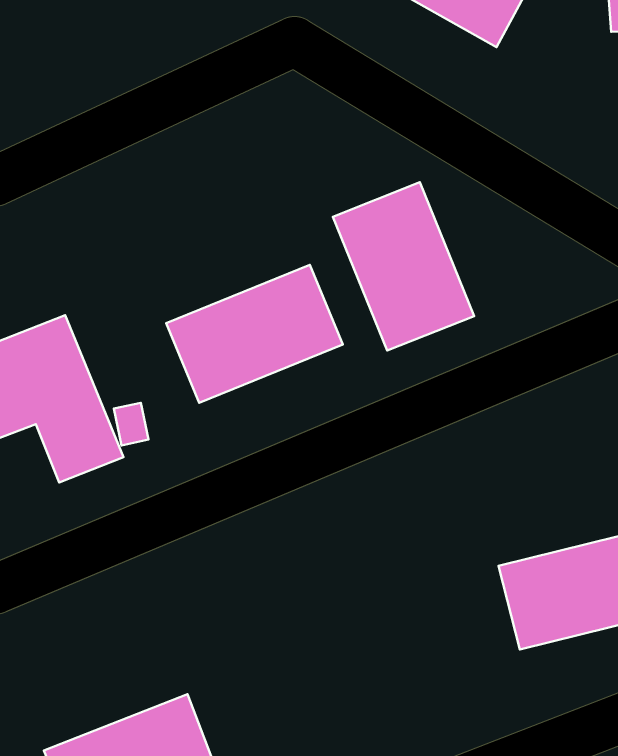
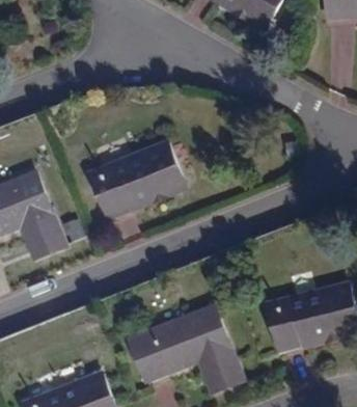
building: [333,182,474,351] -> none
building: none -> [129,305,244,394]

